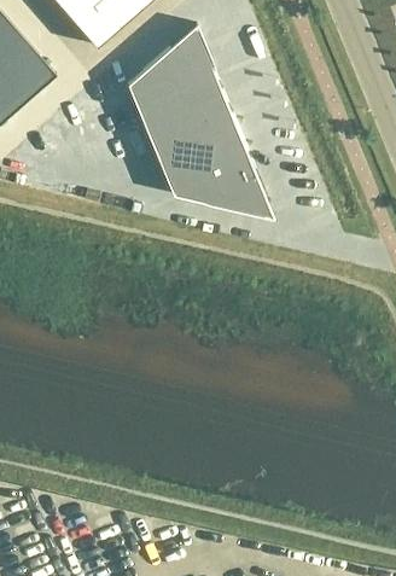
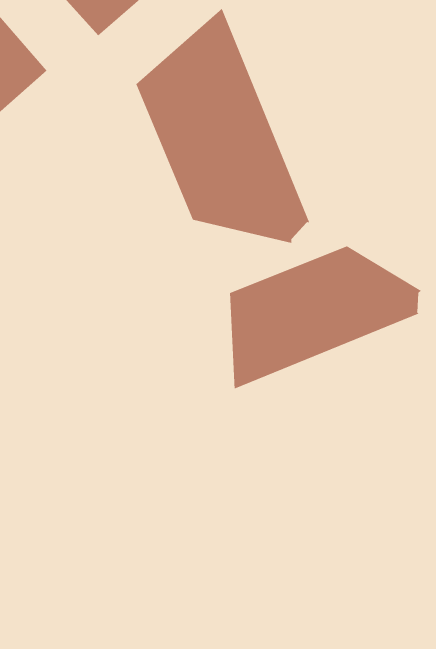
building: none -> [230,245,422,390]

